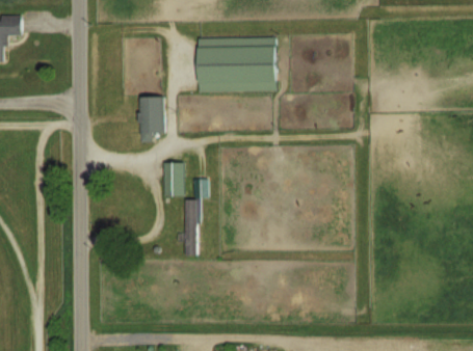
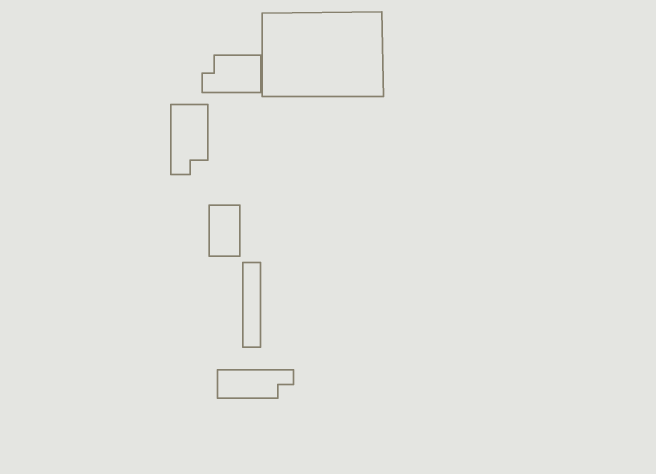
building: none -> [202,55,261,92]
building: none -> [217,370,293,398]

